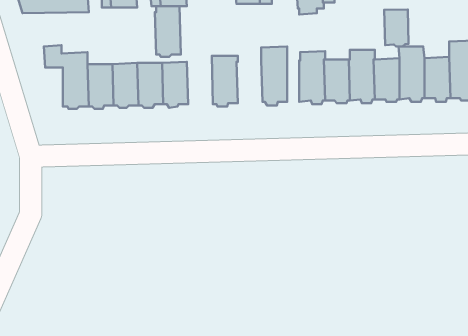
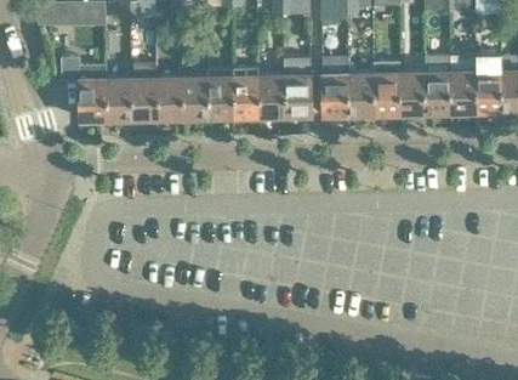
building: [155,6,181,57] -> [207,69,234,121]
building: [384,10,408,46] -> none
building: none -> [258,74,285,120]

